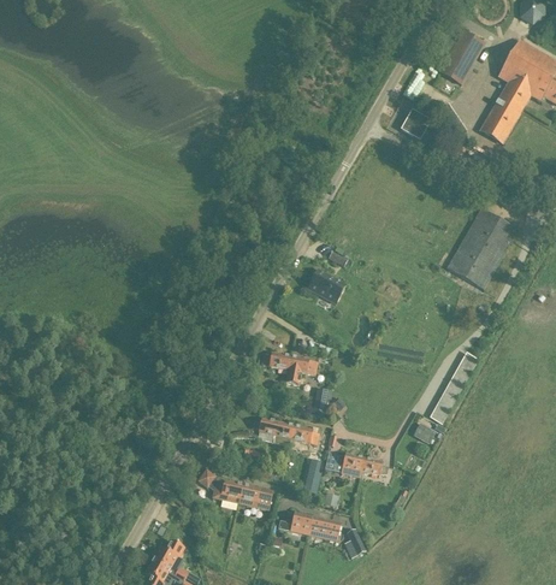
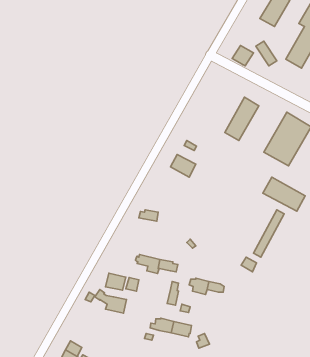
building: none -> [225,97,259,140]
building: none -> [263,177,305,211]
building: [285,355,317,383] -> none
building: [238,484,268,509] -> [105,273,126,290]

